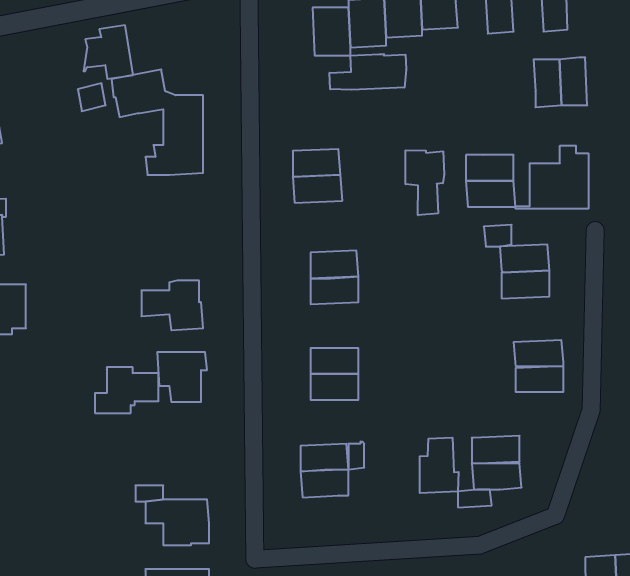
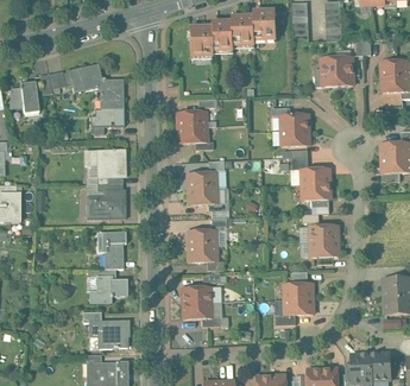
building: [83,25,133,79] -> [10,81,39,113]
building: [330,54,406,90] -> none
building: [516,146,588,209] -> none
building: [406,150,444,215] -> none
building: none -> [84,148,125,176]
building: [95,367,159,413] -> [89,274,127,302]
building: [420,438,459,493] -> none

